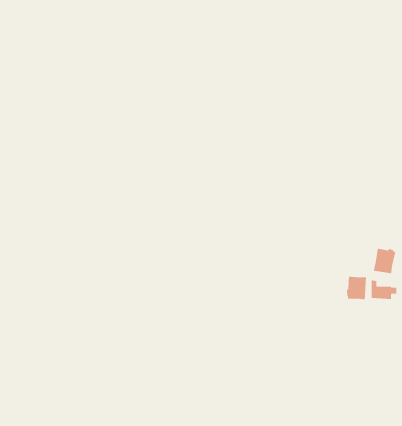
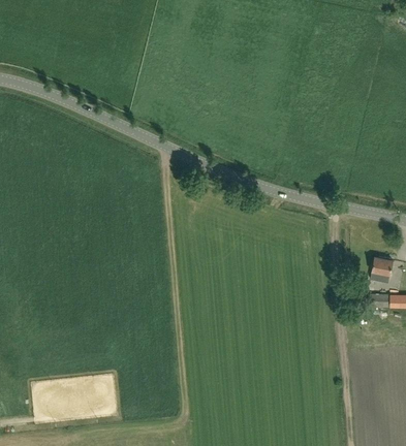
building: [346,276,367,300] -> none

